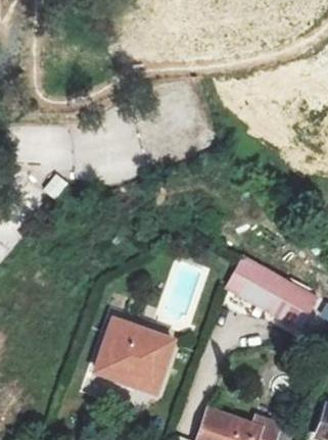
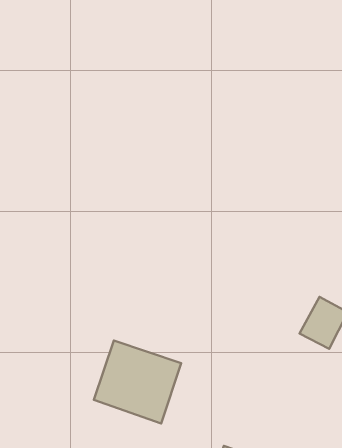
building: [224,254,289,313] -> none

